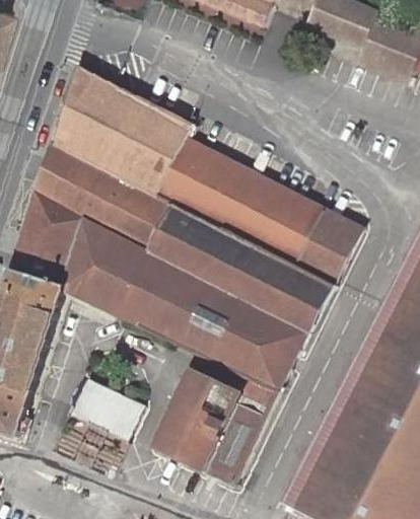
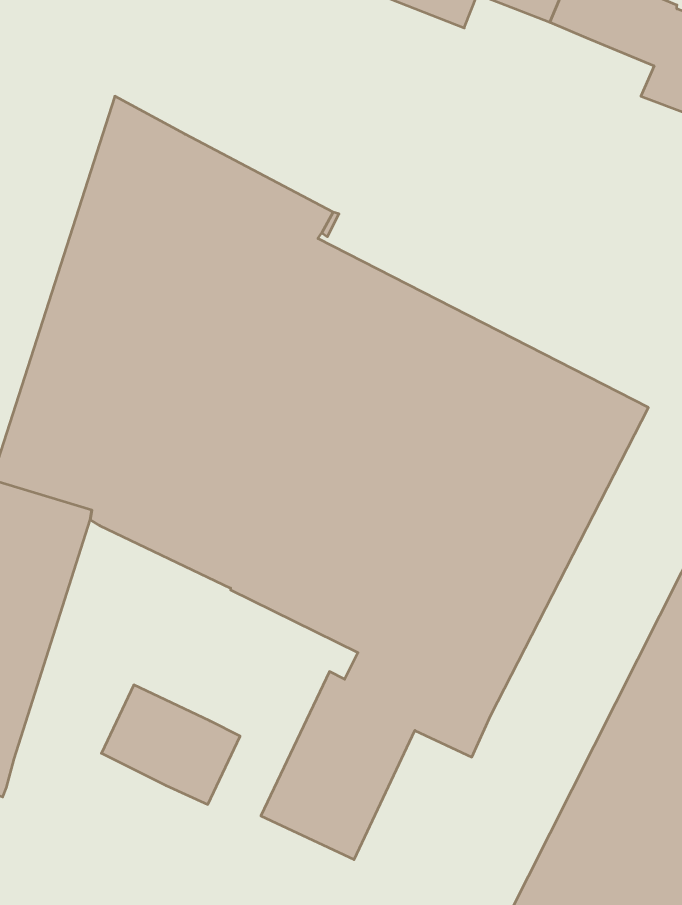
building: [204,401,267,485] -> none

